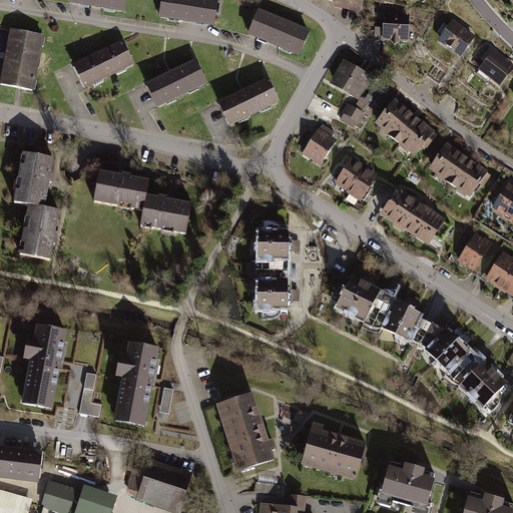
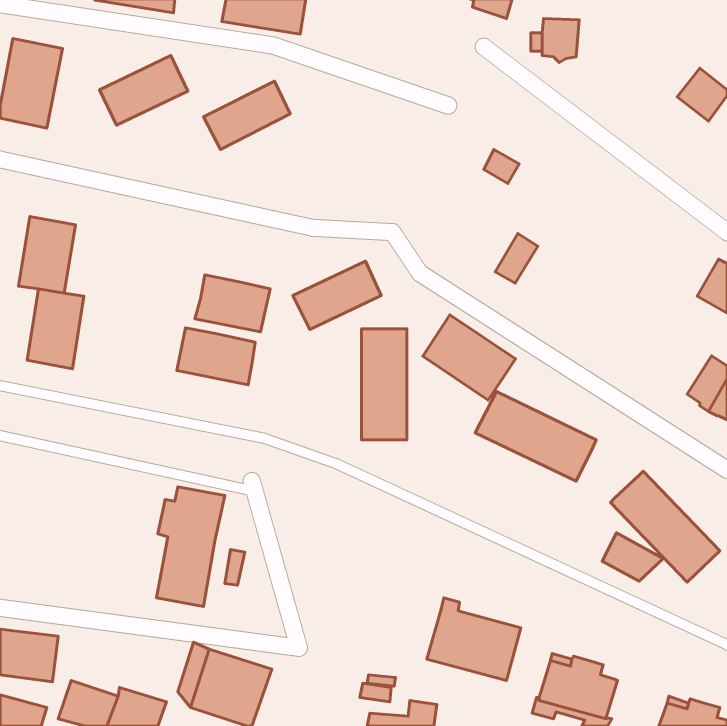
building: [245,8,309,56] -> none
building: [437,19,475,55] -> none
building: [332,62,373,101] -> none
building: [217,75,280,123] -> [293,261,381,330]
building: [379,101,439,159] -> none
building: [303,121,338,165] -> none
building: [429,142,488,196] -> none
building: [335,155,365,191] -> none
building: [91,170,146,210] -> [177,328,255,385]
building: [383,185,448,245] -> [423,315,515,400]
building: [457,232,491,270] -> none
building: [407,317,450,351] -> [602,533,663,581]
building: [18,325,64,409] -> none
building: [78,373,99,416] -> none
building: [214,392,276,471] -> none

